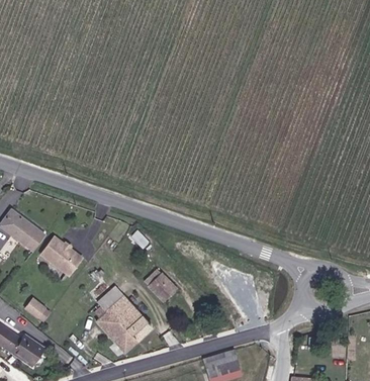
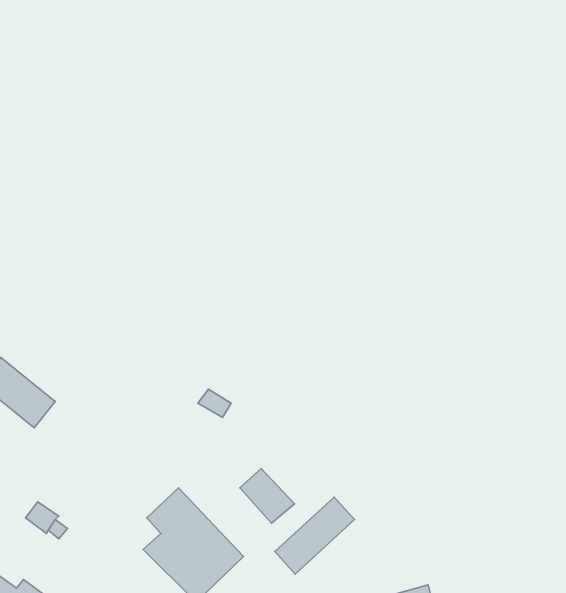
building: [41,235,82,273] -> none
building: none -> [275,497,355,574]

